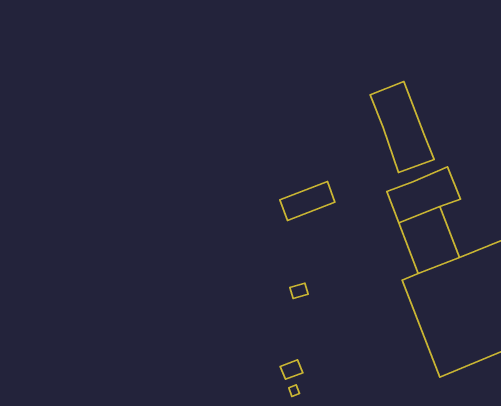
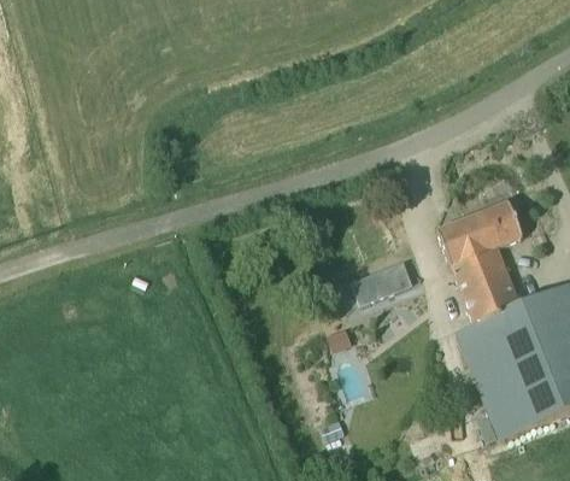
building: [370,82,434,173] -> none
building: [280,182,335,220] -> [351,262,412,305]

